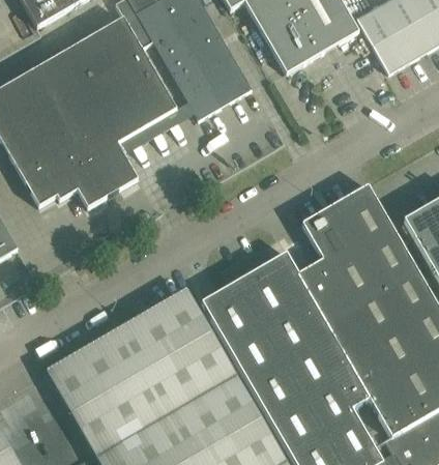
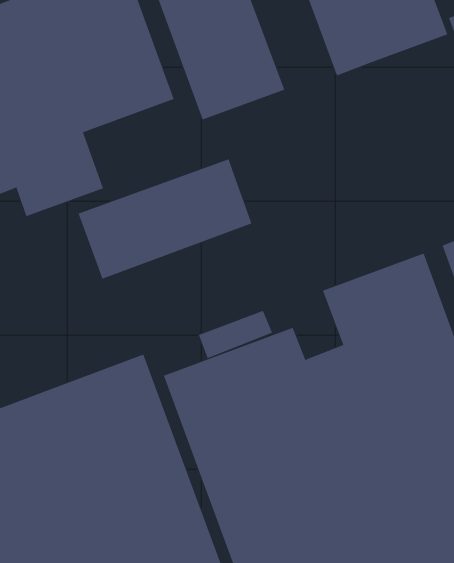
building: none -> [78,158,252,279]

